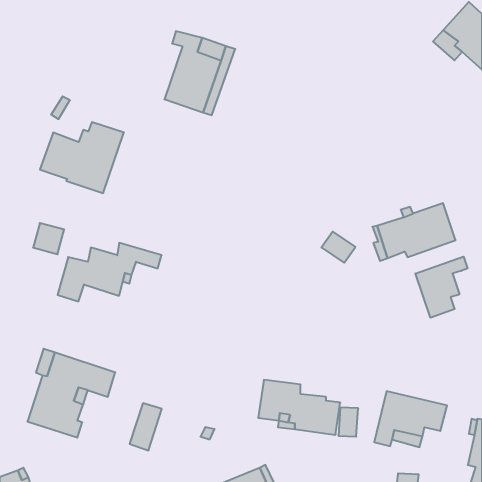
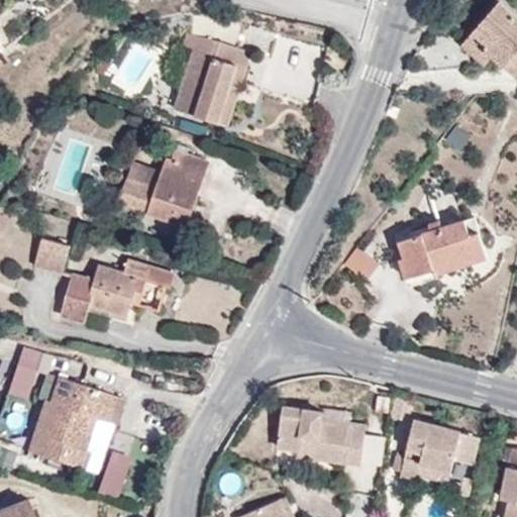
building: [40,122,124,193] -> [121,151,211,227]
building: [415,257,468,318] -> none
building: none -> [8,352,39,401]
building: [130,403,162,450] -> [95,451,129,502]

